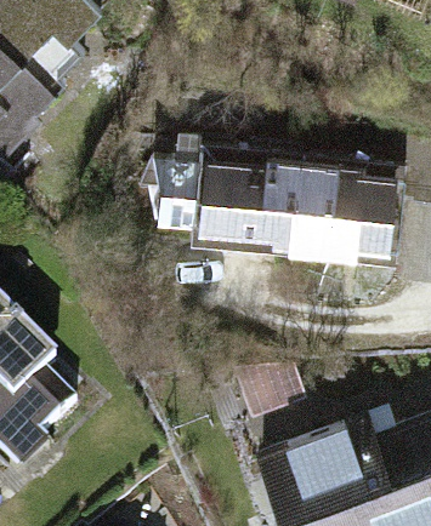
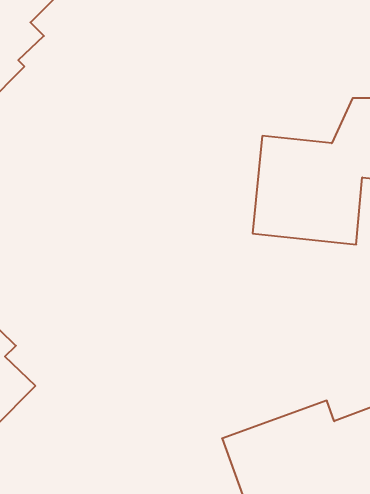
building: [152,137,300,255] -> none

